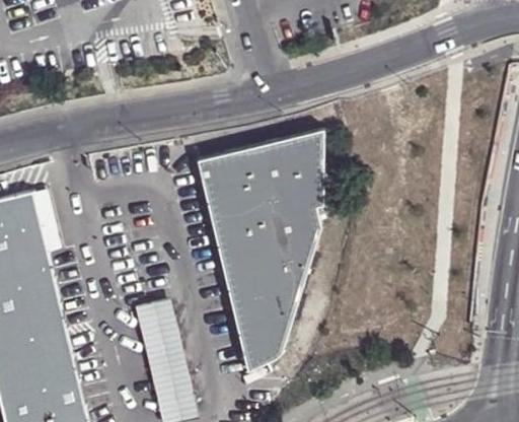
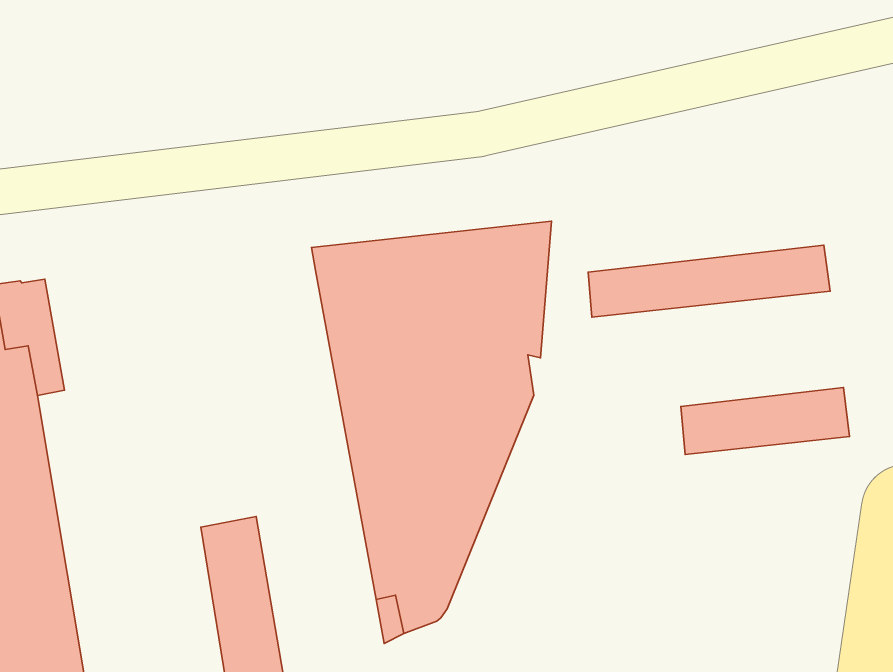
building: none -> [588,245,830,317]
building: none -> [681,388,850,455]

